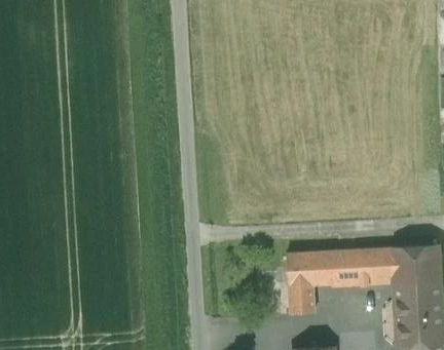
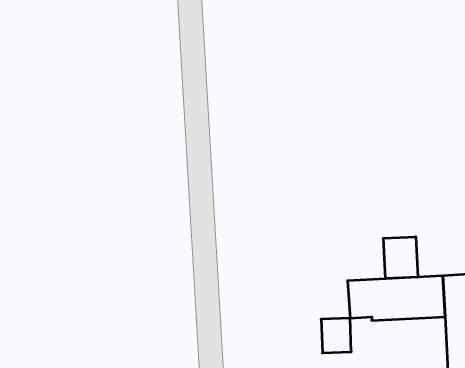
building: none -> [383,237,418,279]
building: [287,254,313,286] -> none

